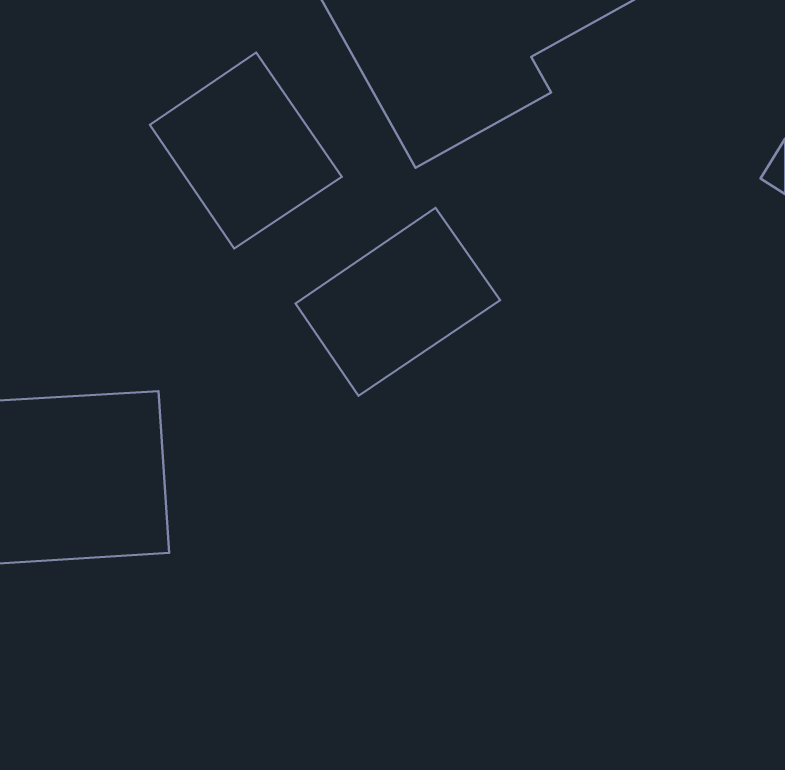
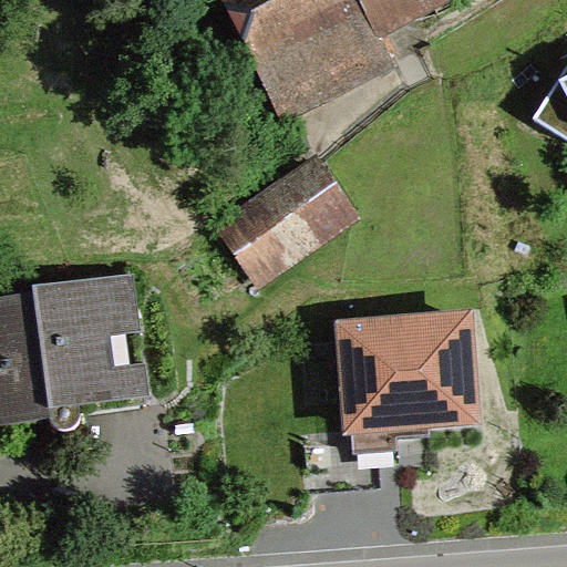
building: [150,53,342,249] -> none
building: none -> [334,311,481,437]

